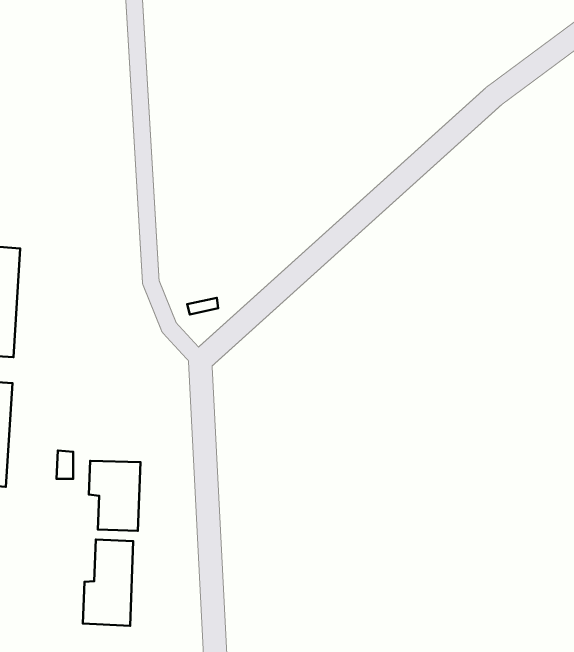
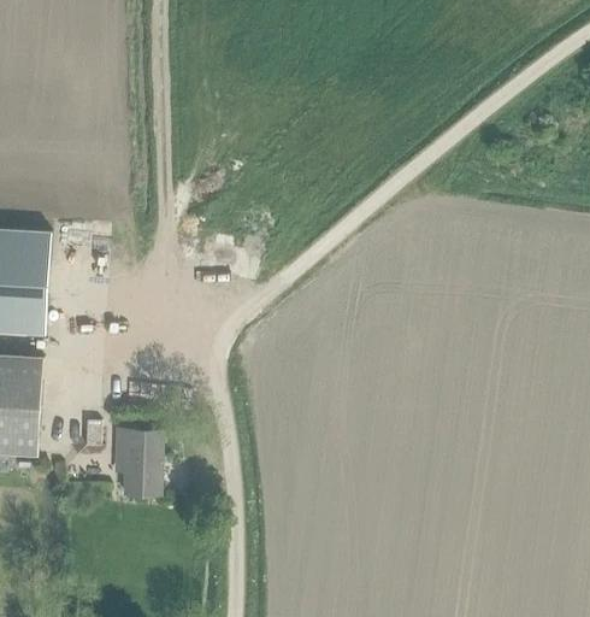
building: [83,540,133,626] -> none

